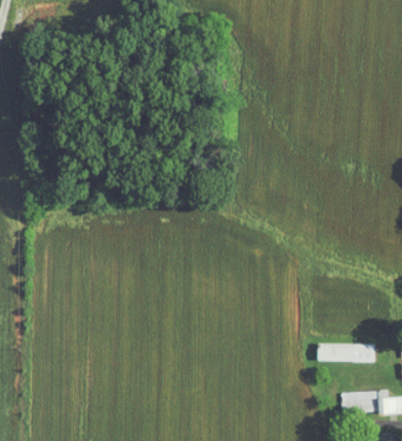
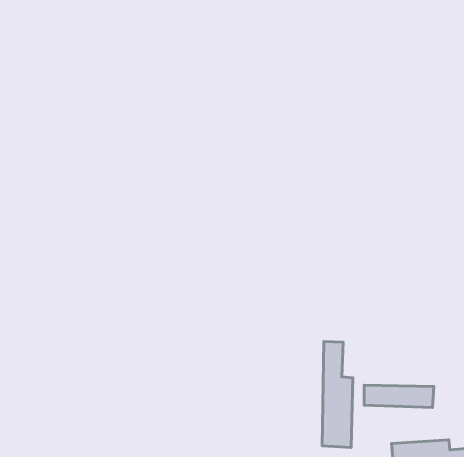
building: none -> [322,341,353,447]

